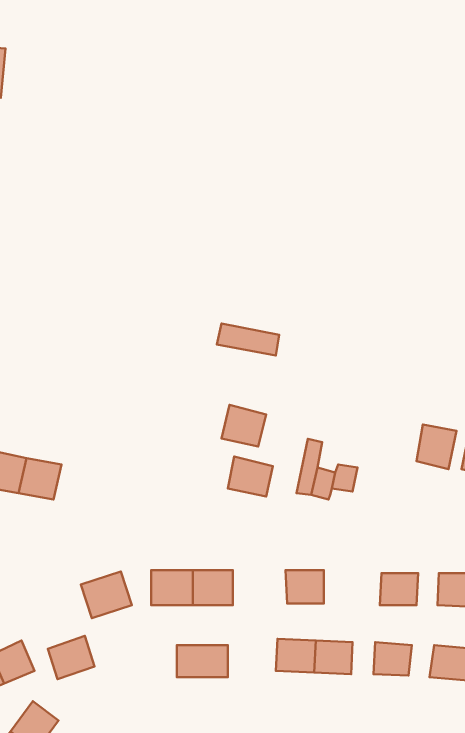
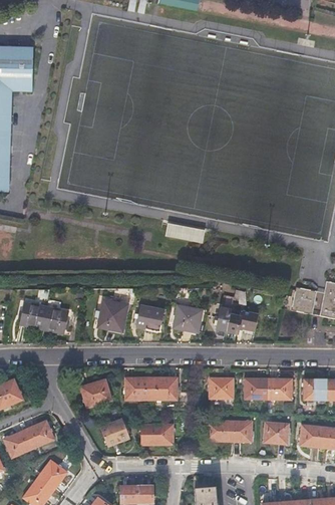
building: [221,405,266,446] -> [136,305,164,331]
building: none -> [96,300,126,330]
building: none -> [245,378,269,400]
building: [48,636,94,679] -> [99,418,128,445]

